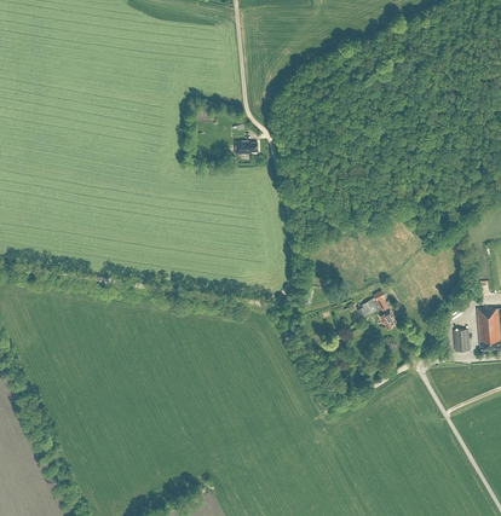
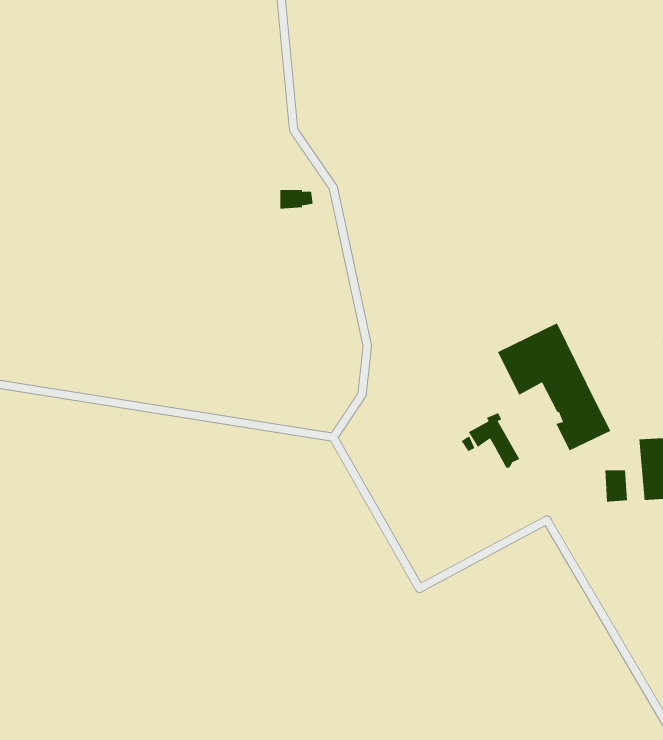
building: none -> [497,323,611,451]

